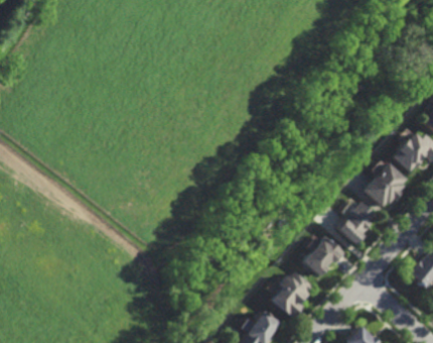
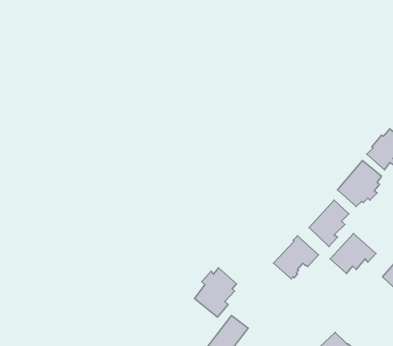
building: none -> [330,233,376,274]
building: [271,271,311,319] -> [194,268,236,317]

